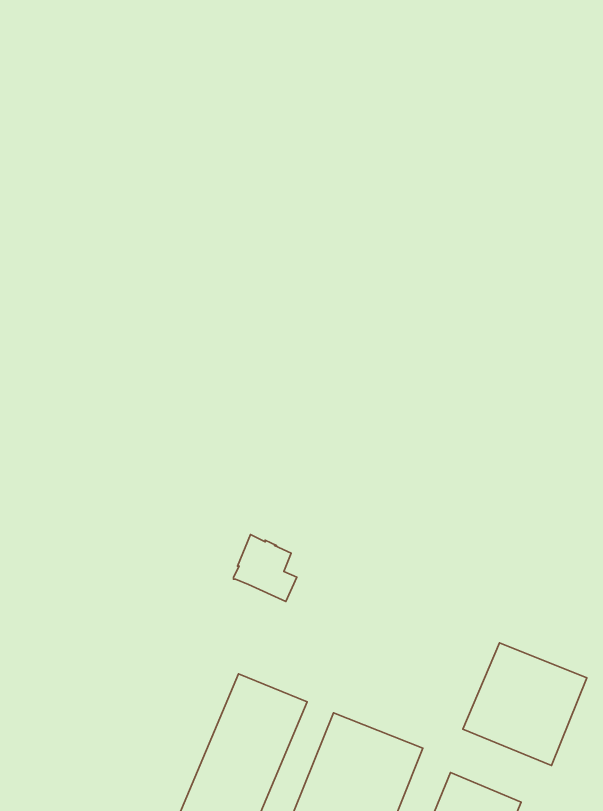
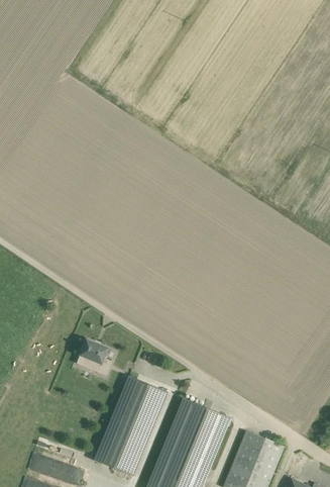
building: [234,534,297,601] -> [77,339,111,376]
building: [463,643,587,766] -> none

